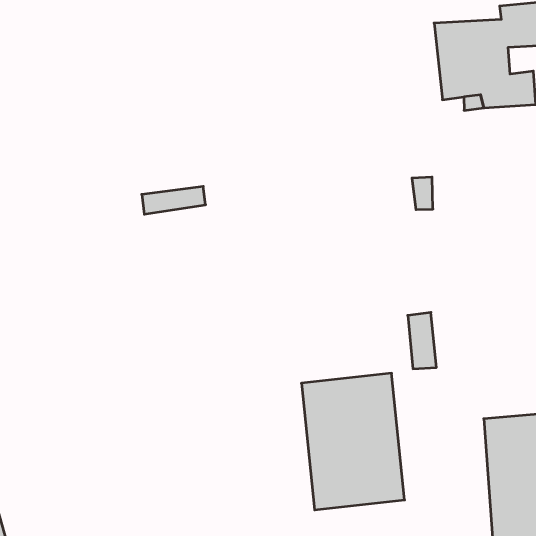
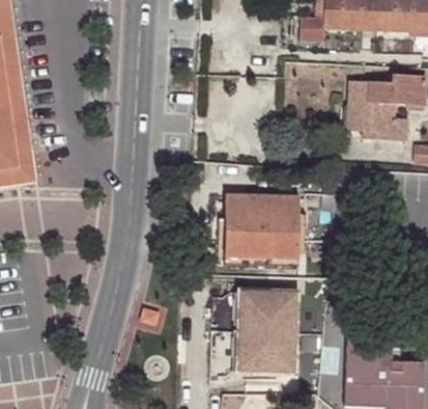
building: none -> [224,197,299,257]

